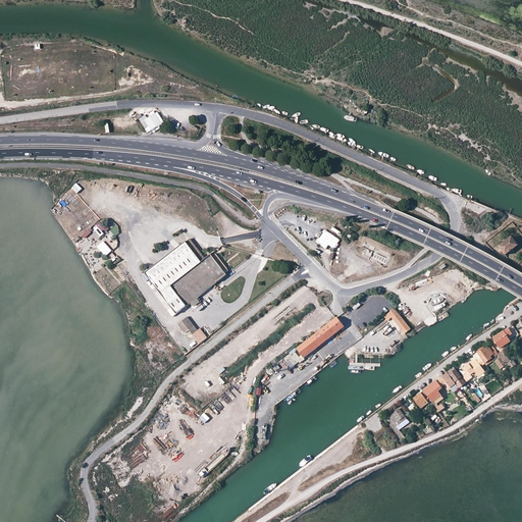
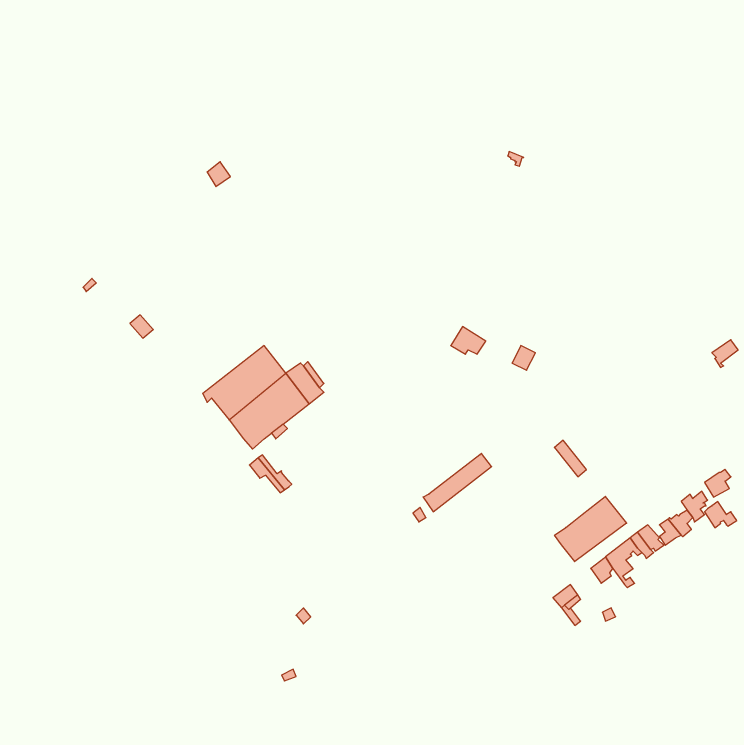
building: none -> [555,496,627,562]

